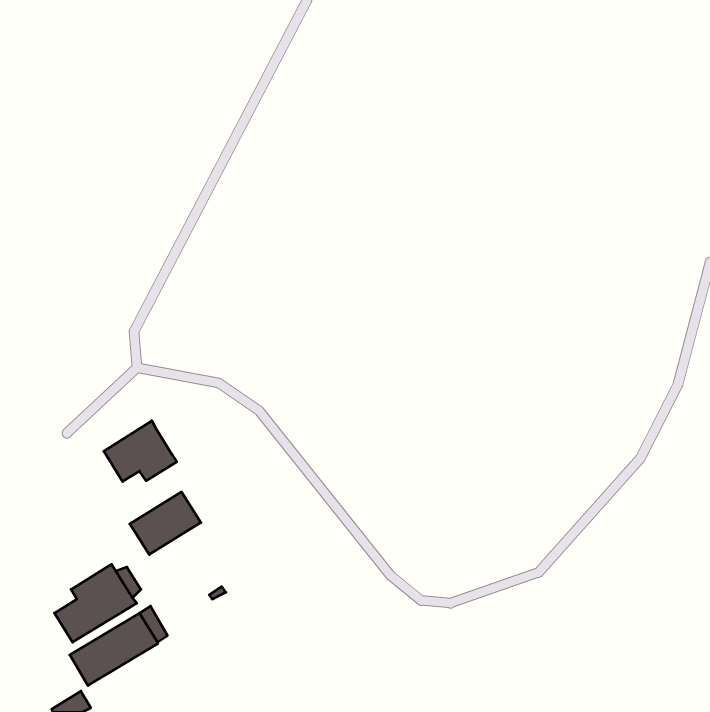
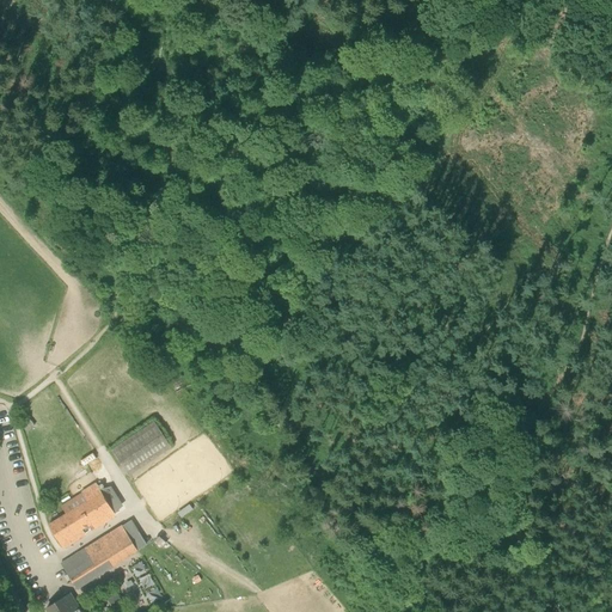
building: [104,421,177,482] -> none

